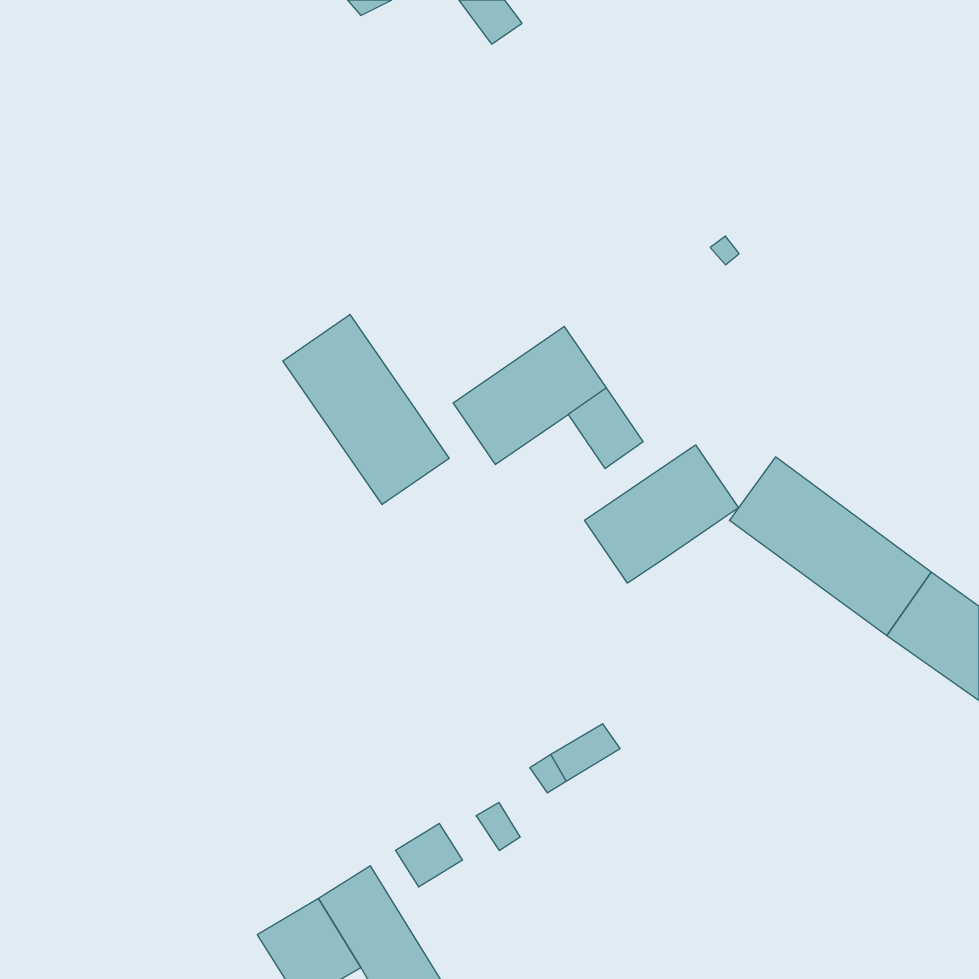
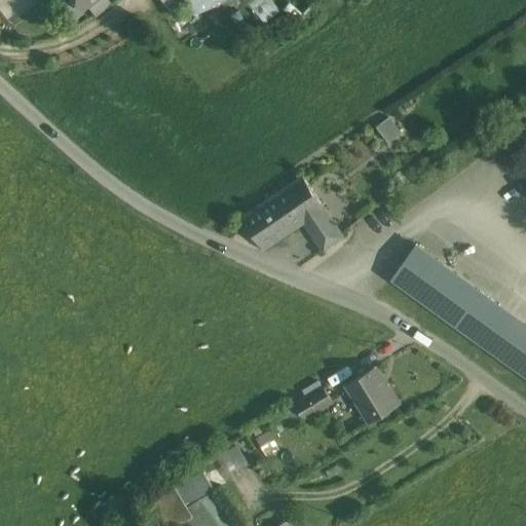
building: [283,314,449,505] -> none
building: [585,445,738,583] -> none
building: none -> [345,368,399,422]

